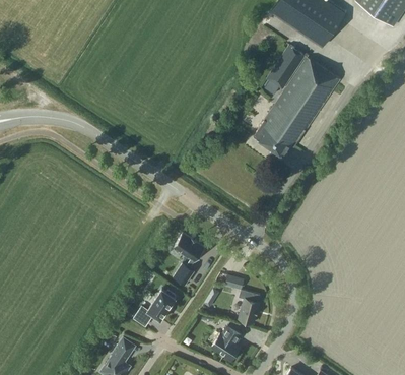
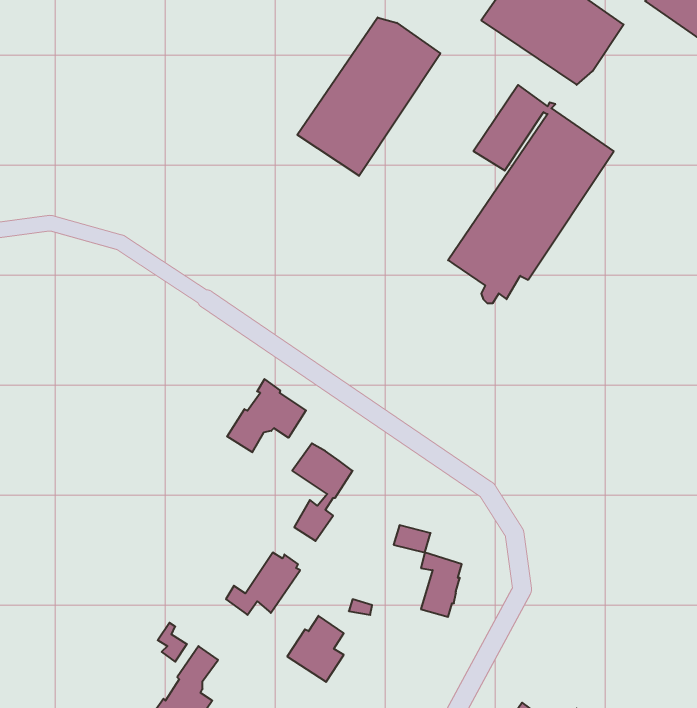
building: none -> [297,17,440,176]
building: none -> [227,379,306,452]
building: [211,325,241,360] -> [287,616,344,682]

